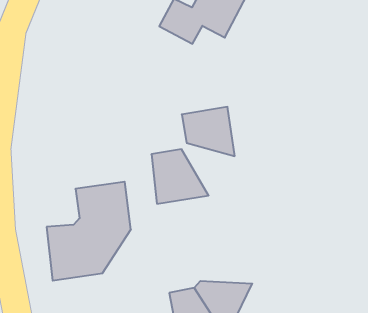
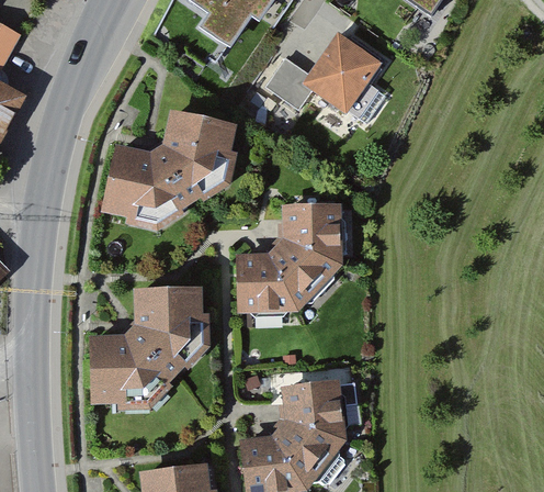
building: none -> [98,107,234,225]
building: none -> [275,242,343,313]
building: none -> [279,378,348,434]

